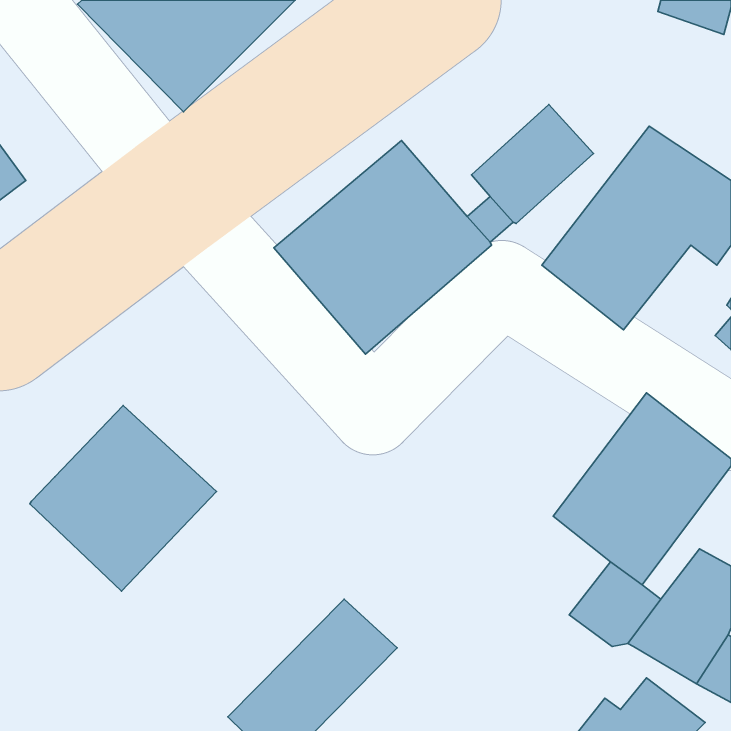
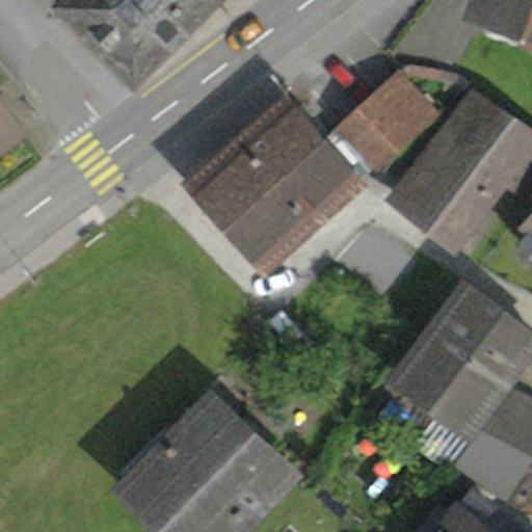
building: [30,406,216,591] -> none
building: none -> [127,396,249,521]

